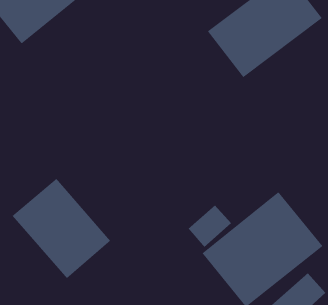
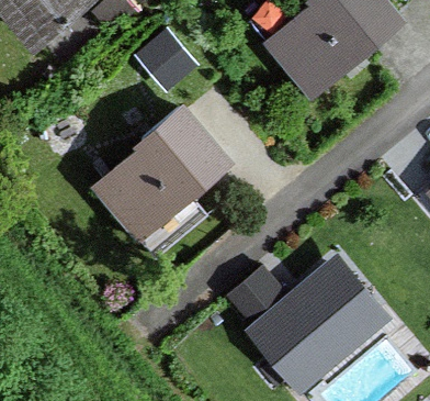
building: none -> [84,101,235,246]
building: [12,178,111,279] -> none

